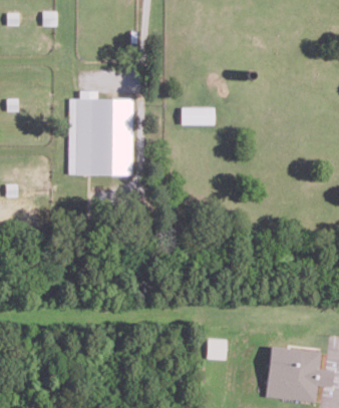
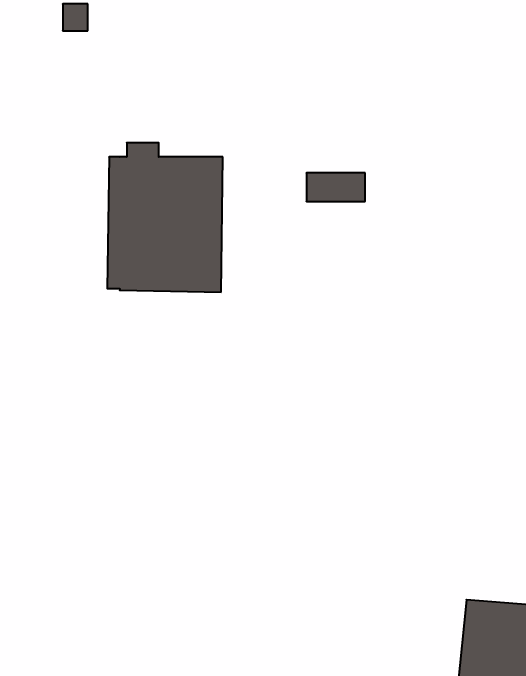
building: [207,339,227,360] -> none

